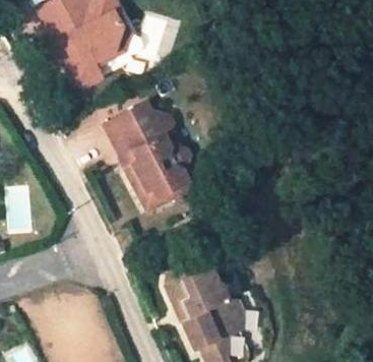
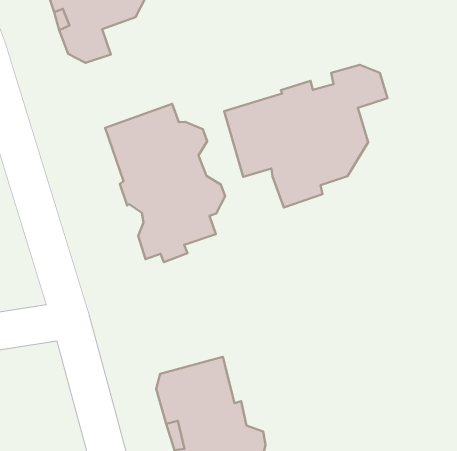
building: none -> [224,65,388,208]

